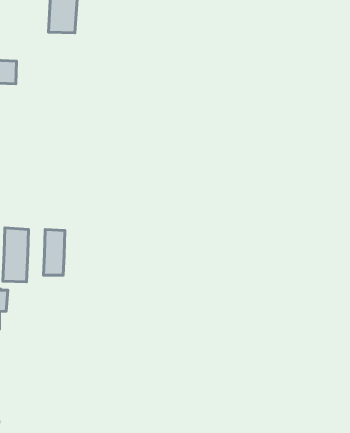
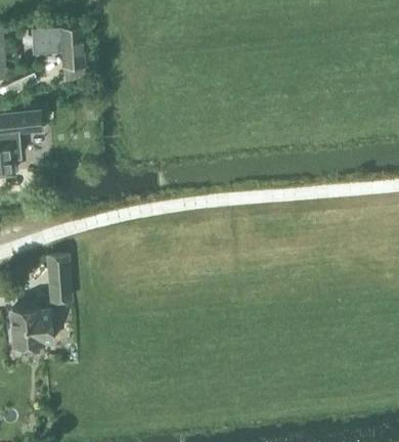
building: [44,229,65,275] -> none

